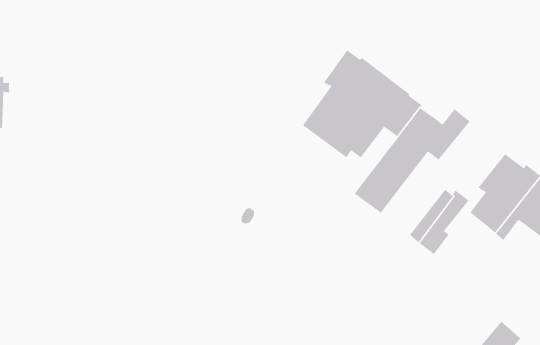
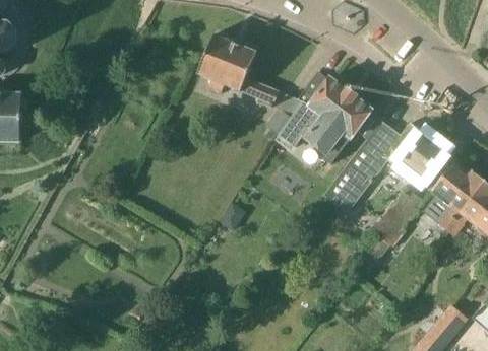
building: none -> [198,33,304,136]
building: none -> [398,133,445,183]

